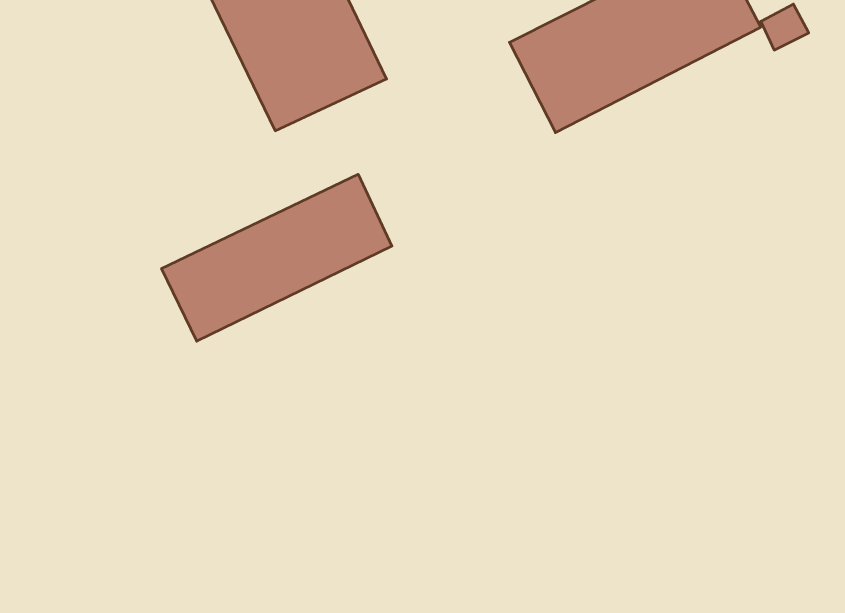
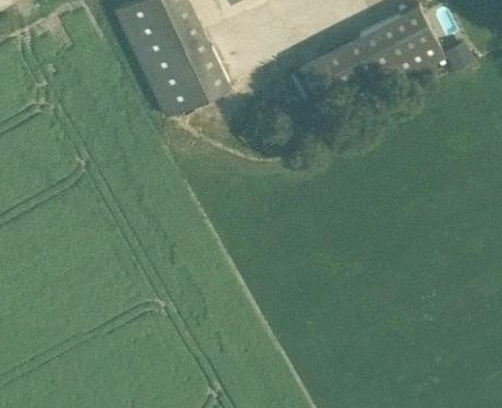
building: [162,174,392,341] -> none

